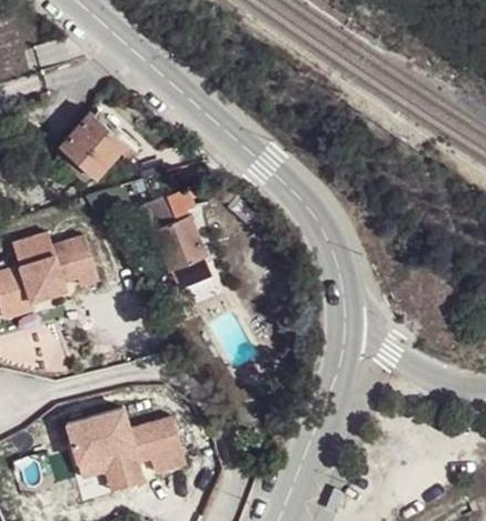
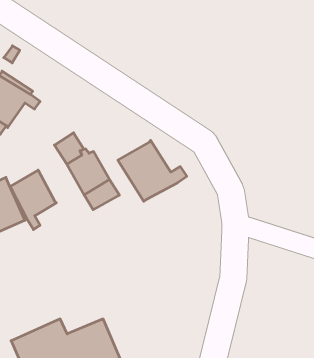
building: none -> [118,140,187,201]
building: none -> [10,170,56,230]

